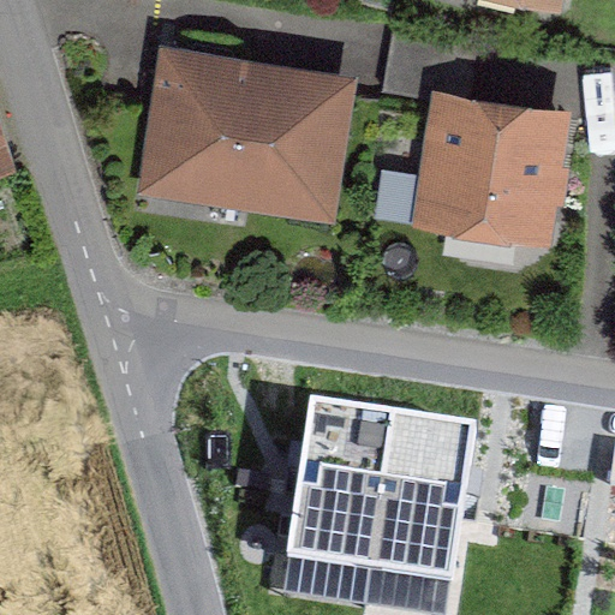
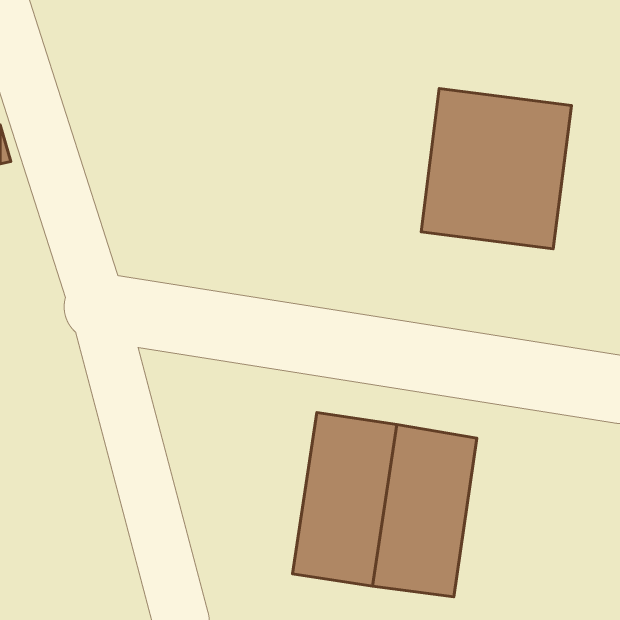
building: [137,48,352,226] -> none

